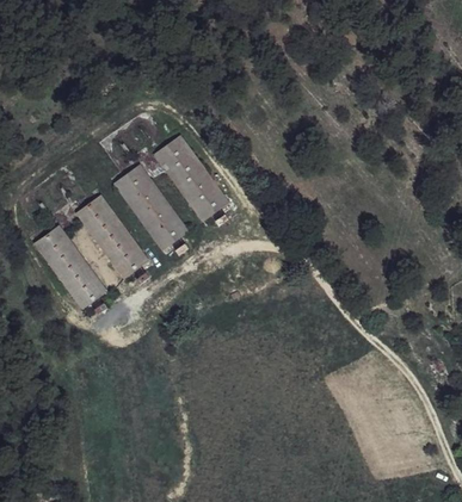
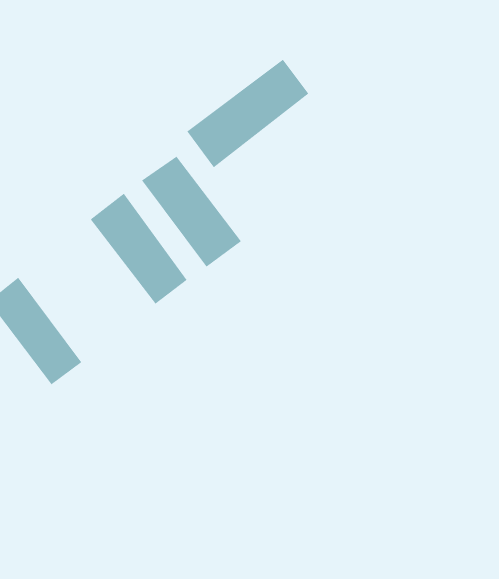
building: none -> [187,59,309,168]
building: [74,194,150,279] -> none

